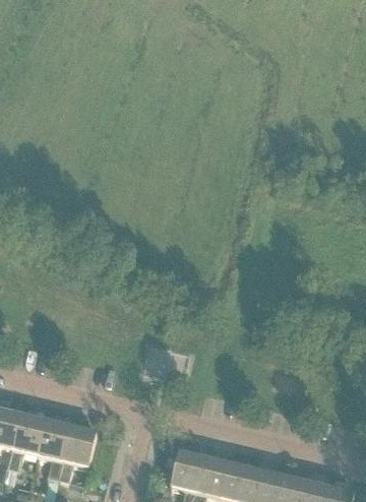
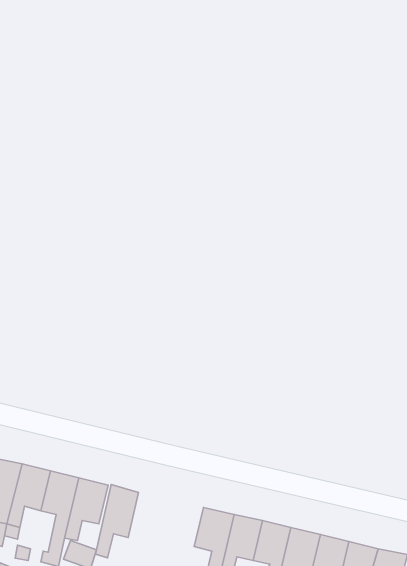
building: none -> [95,485,139,558]

